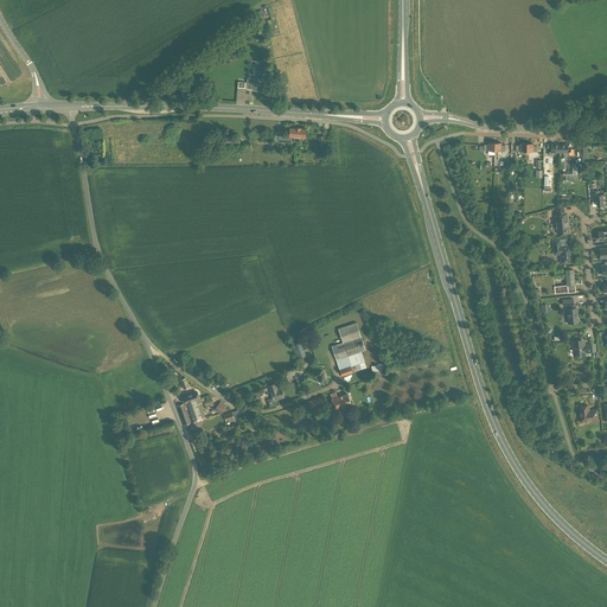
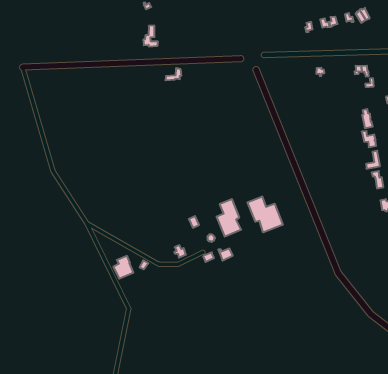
building: none -> [247,196,283,232]

